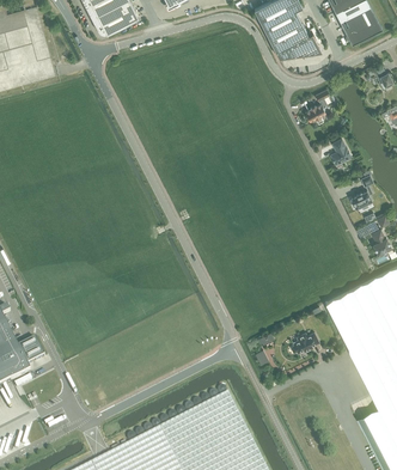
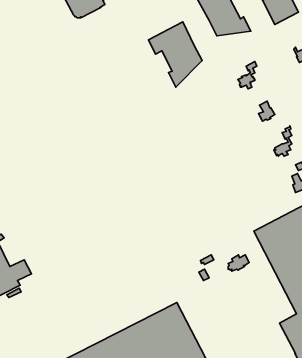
building: none -> [148,22,202,87]

